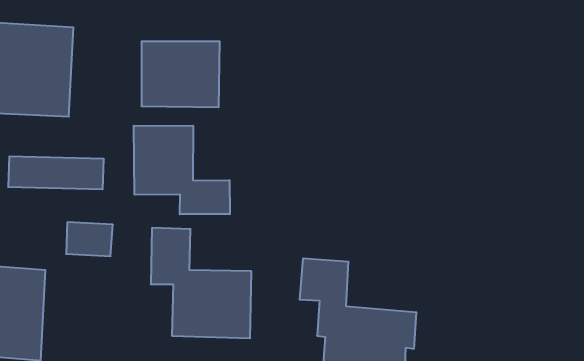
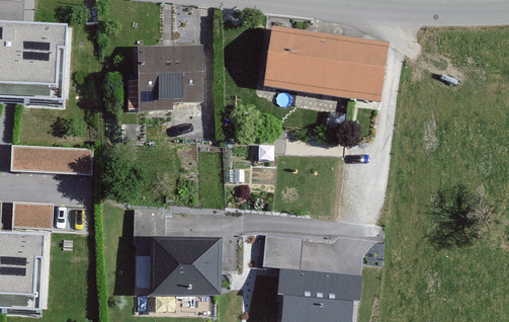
building: none -> [259,24,379,100]
building: [134,126,230,214] -> none
building: [66,222,113,256] -> [13,202,54,231]

